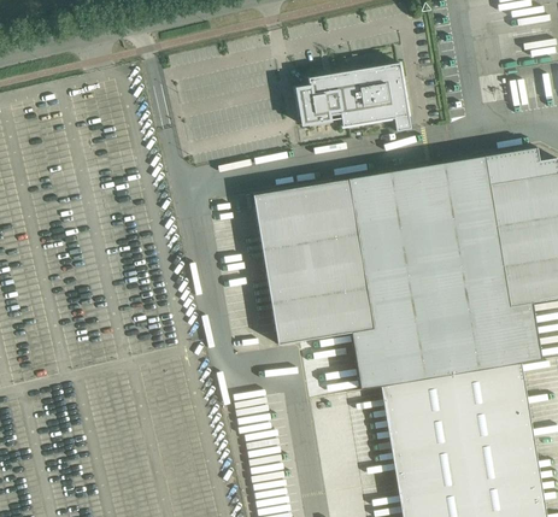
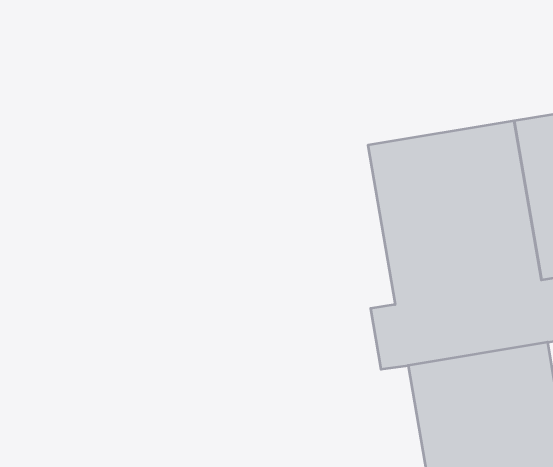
building: [298,63,412,130] -> none
building: [254,180,375,343] -> none

